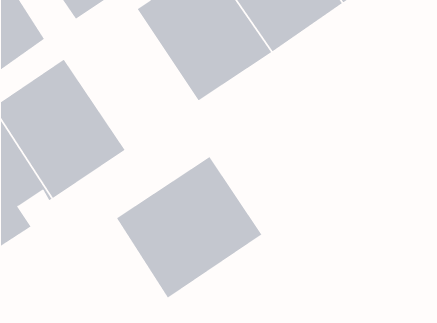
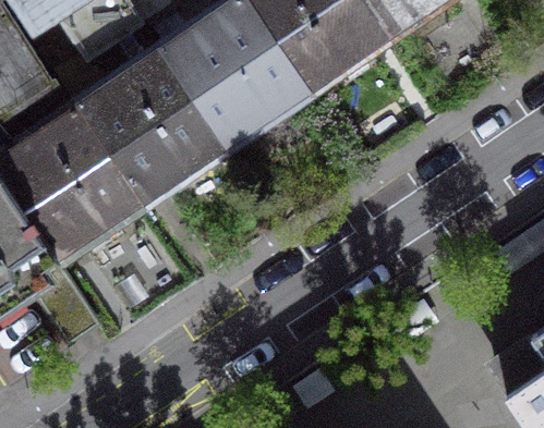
building: none -> [73,46,226,206]
building: [116,156,262,299] -> none

